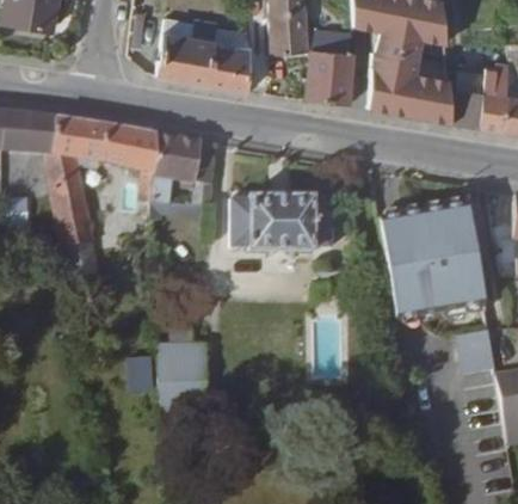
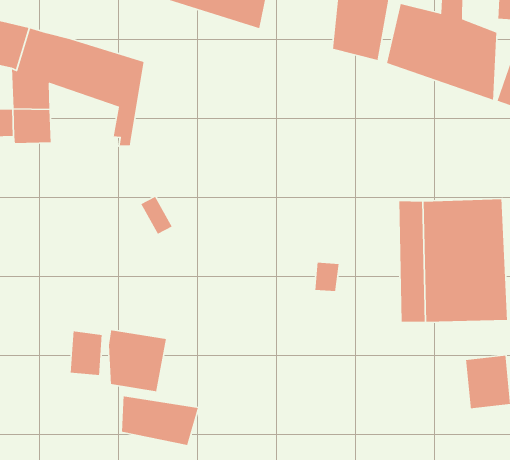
building: [154,129,215,195] -> none
building: [236,190,337,248] -> none
building: [57,207,95,248] -> none
building: none -> [121,395,199,446]

